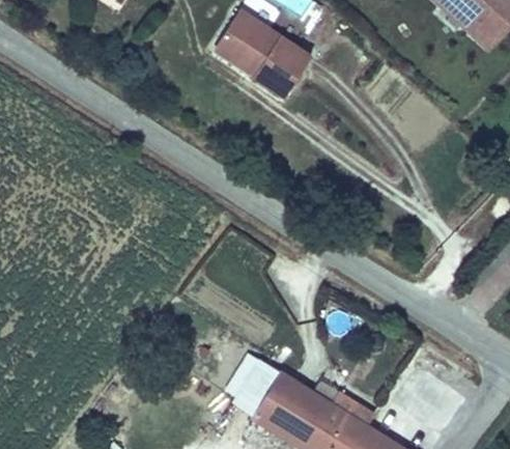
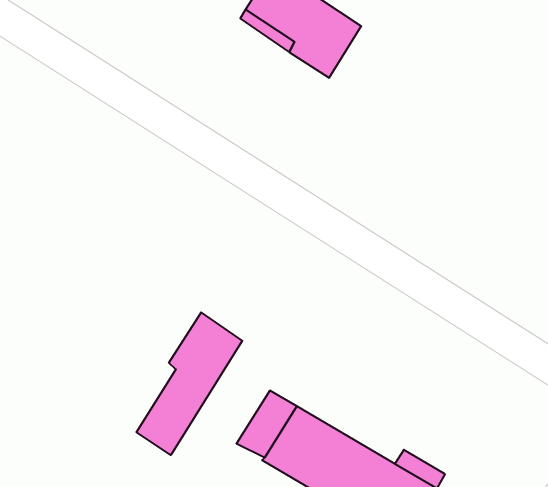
building: none -> [136,312,242,455]

